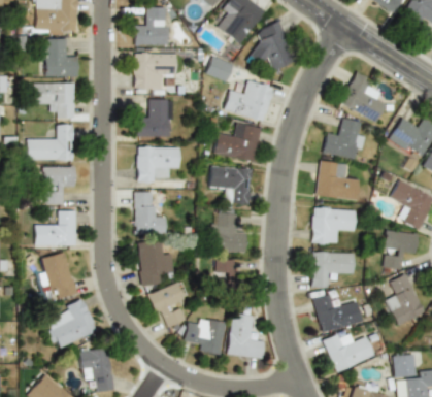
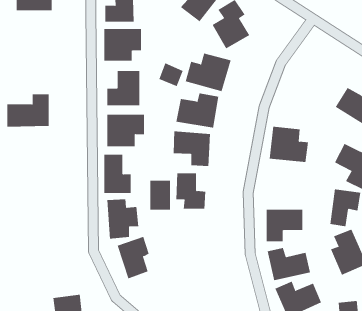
building: [42,38,78,76] -> none
building: [206,56,234,82] -> [158,62,184,87]
building: [340,72,389,124] -> none
building: [34,82,75,119] -> none
building: [324,119,366,160] -> none
building: [43,167,74,204] -> none
building: [312,208,356,244] -> none
building: [35,210,75,246] -> none
building: [38,252,77,300] -> none
building: [215,260,239,293] -> [150,180,171,210]
building: [43,298,97,350] -> none
building: [228,313,265,359] -> none
building: [186,318,226,355] -> none

